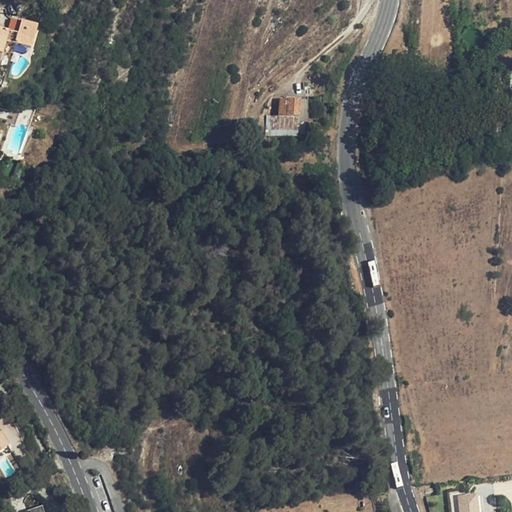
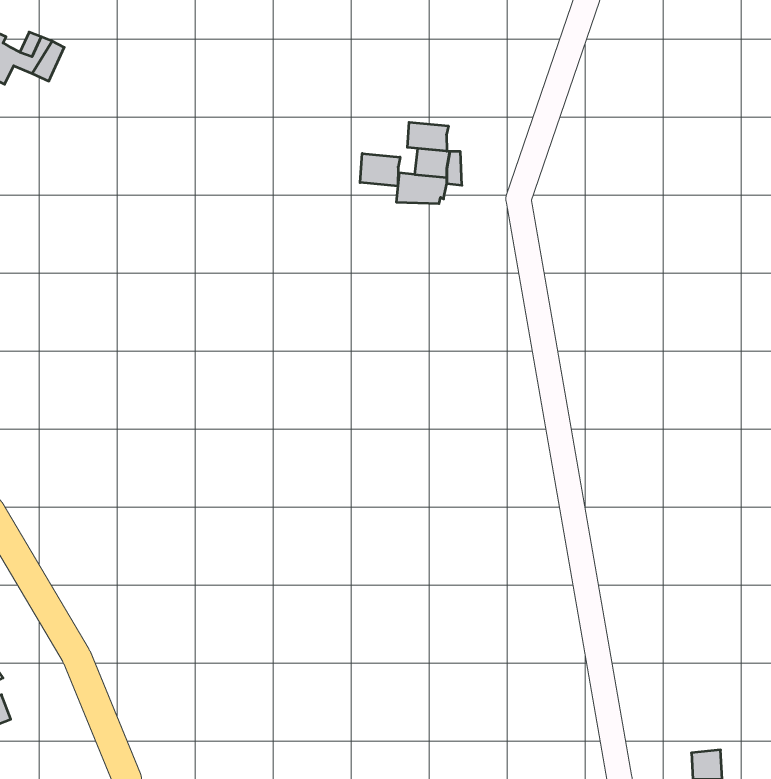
building: none -> [407,122,448,151]
building: none -> [360,153,400,186]

